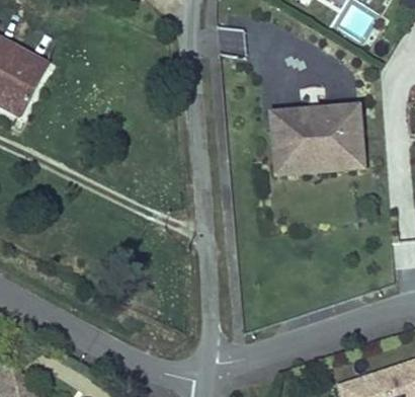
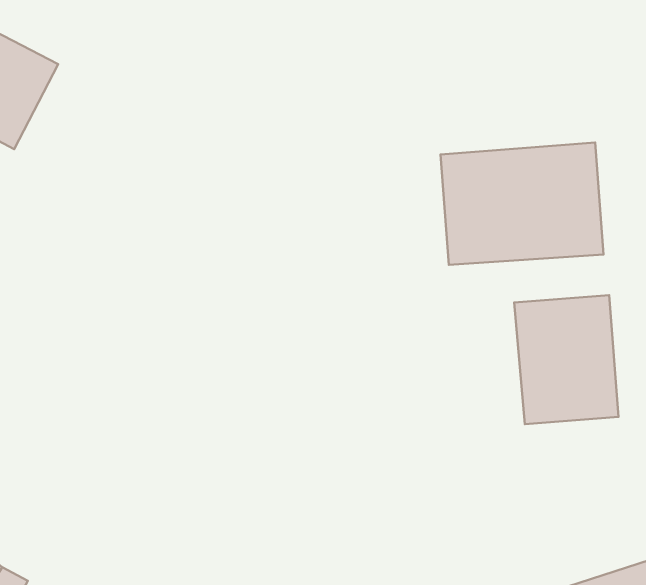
building: none -> [514,295,619,424]

